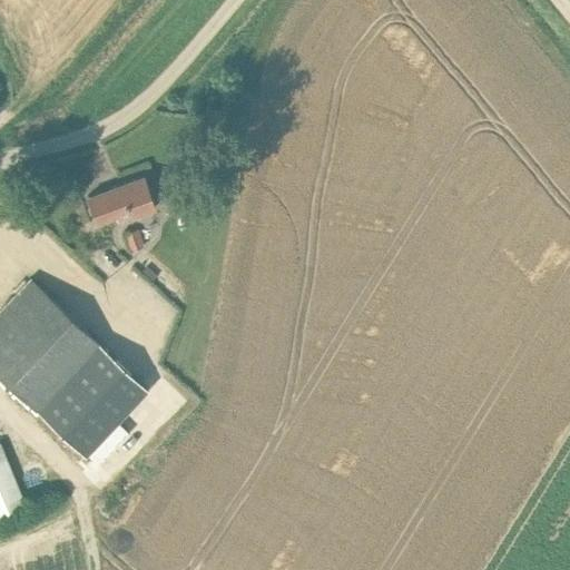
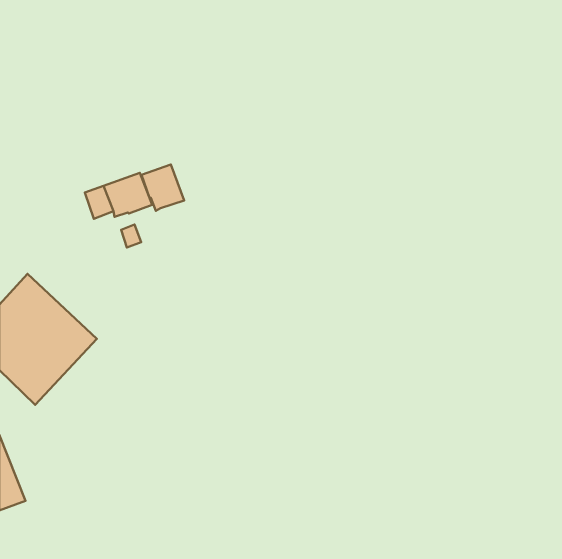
building: none -> [141,164,184,211]
building: [36,346,147,459] -> none

